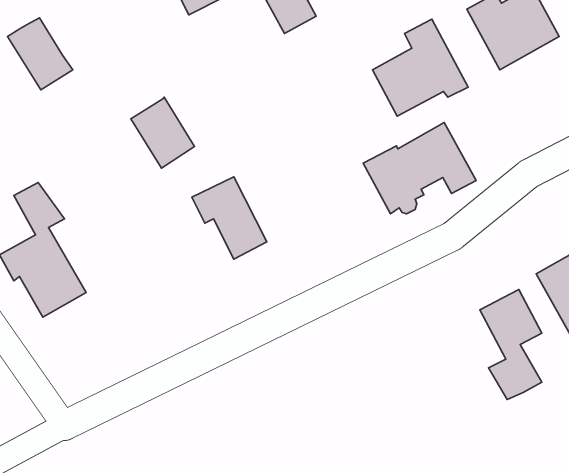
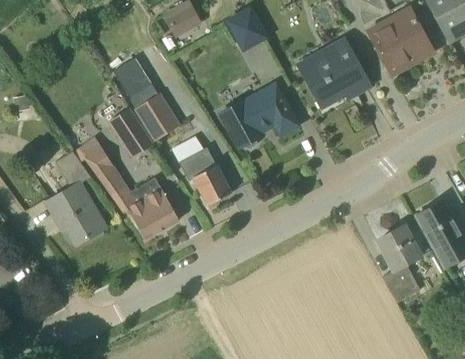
building: [8,18,73,90] -> [113,58,158,108]
building: none -> [109,109,150,157]
building: [363,123,476,214] -> [219,85,297,148]
building: none -> [85,147,178,239]

